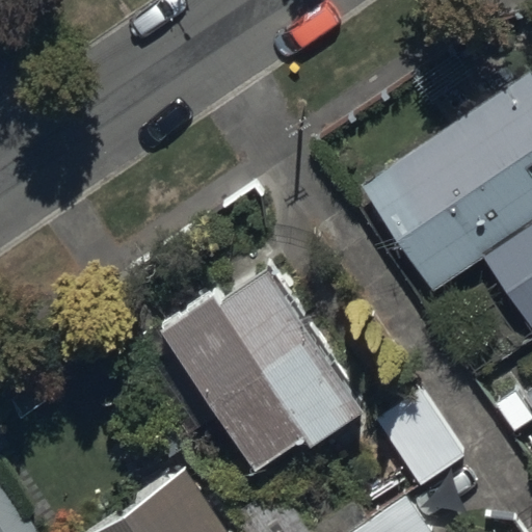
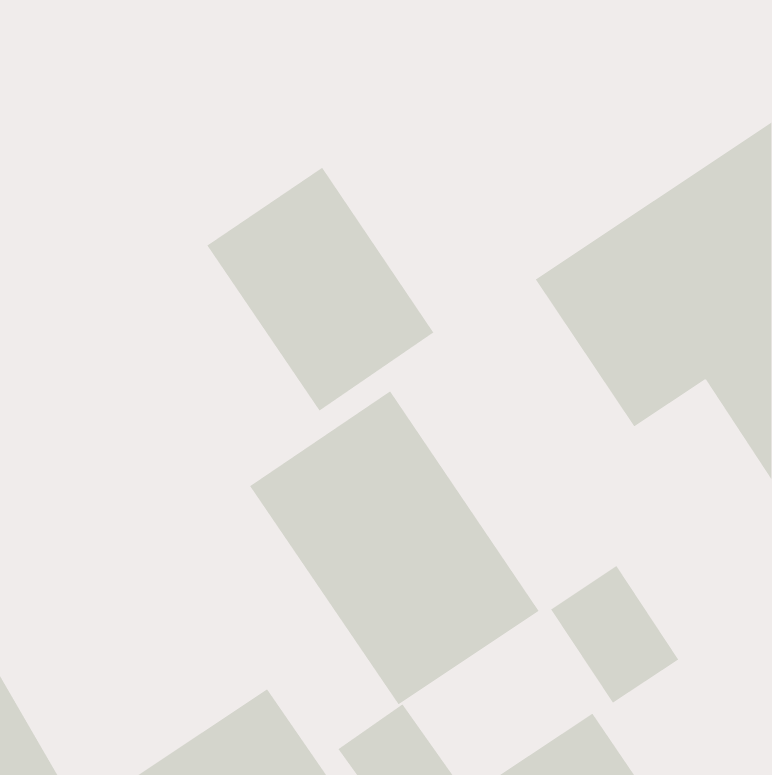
building: none -> [206,167,434,412]

